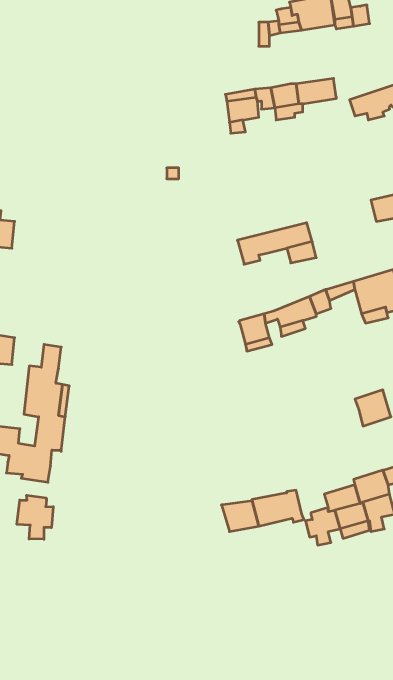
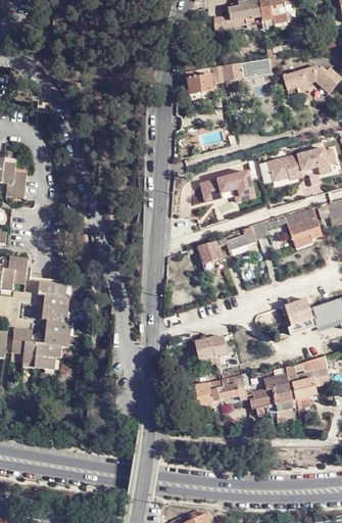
building: none -> [268,153,303,181]
building: none -> [195,336,228,361]
building: [17,495,53,539] -> none

